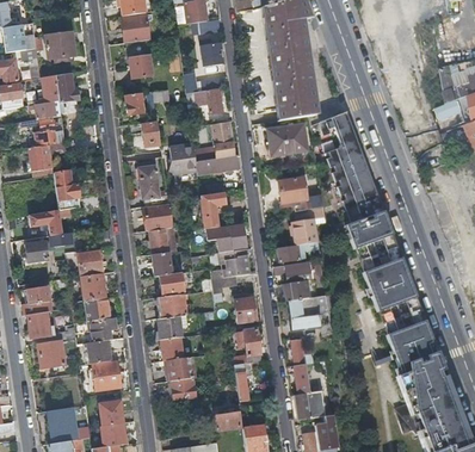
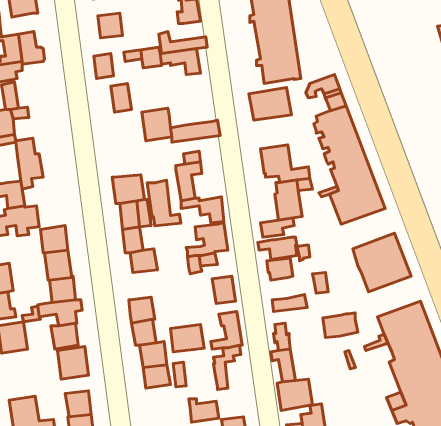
building: [195,120,234,161] -> none
building: [137,165,168,206] -> [147,180,181,226]
building: [156,293,187,318] -> [170,325,204,352]
building: [286,296,319,318] -> [323,313,358,337]

